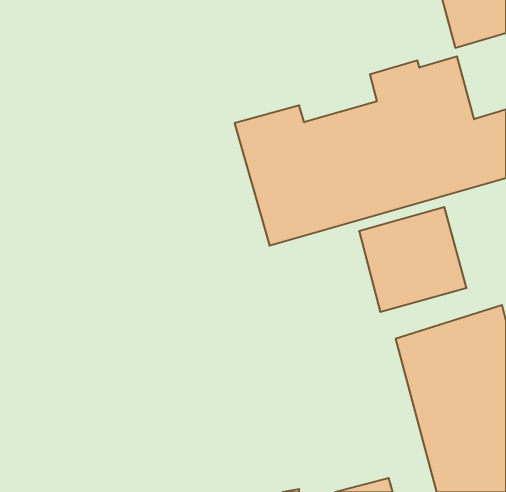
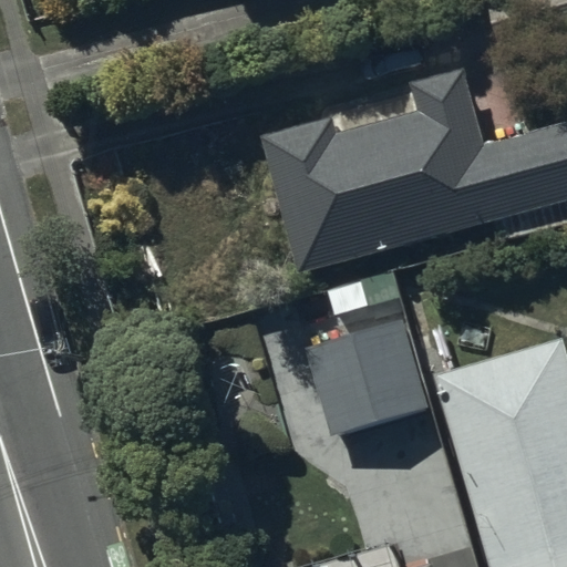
building: [359,207,467,312] -> [308,318,427,434]

